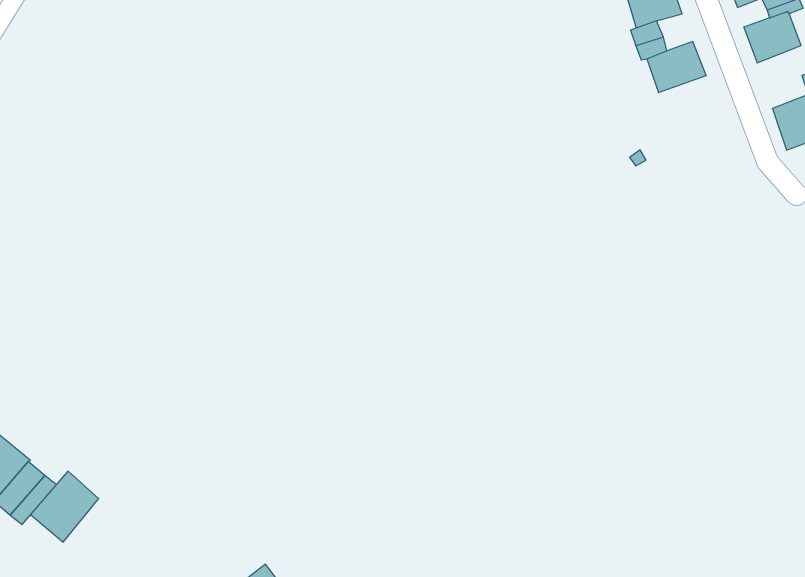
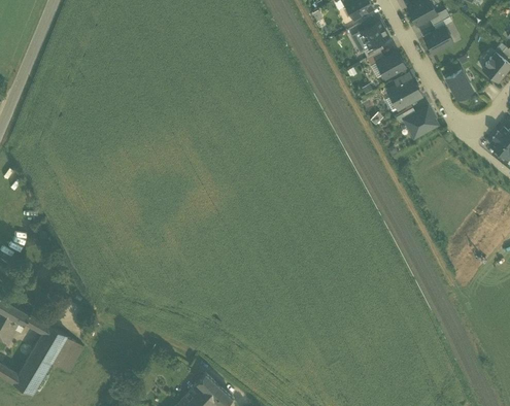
building: none -> [382,71,422,111]
building: none -> [402,104,439,139]
building: [30,471,99,542] -> none

